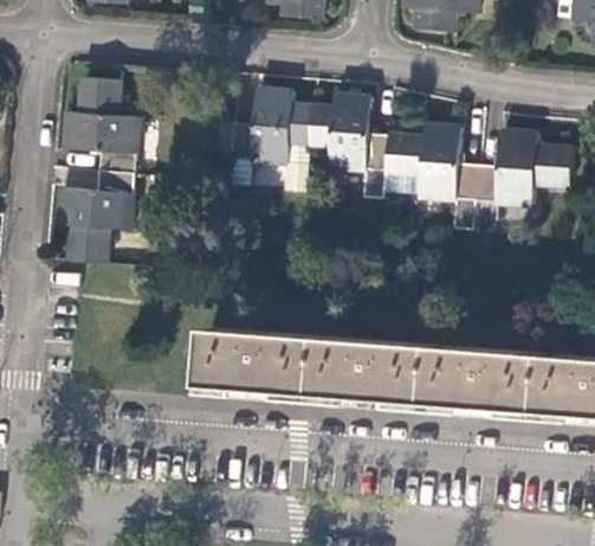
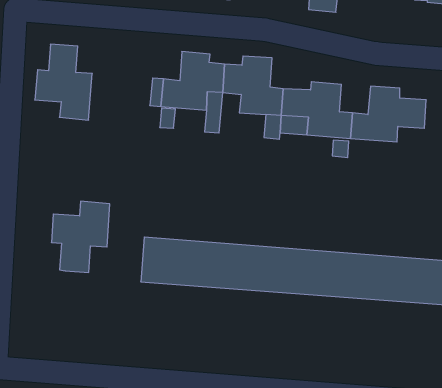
building: [59,171,135,263] -> [51,201,110,272]

